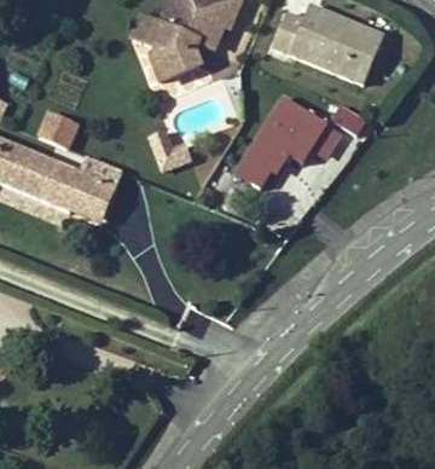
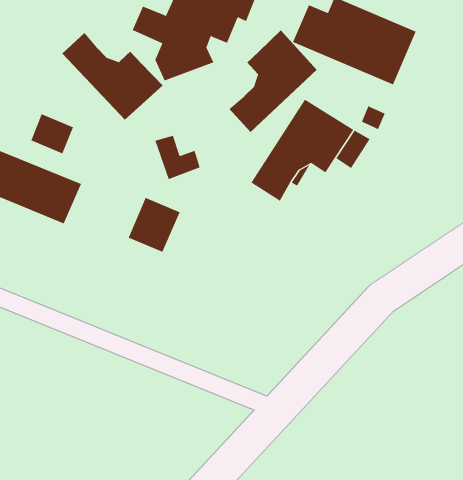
building: none -> [228,30,317,133]
building: none -> [62,32,163,121]
building: [68,173,115,222] -> [128,197,180,253]

